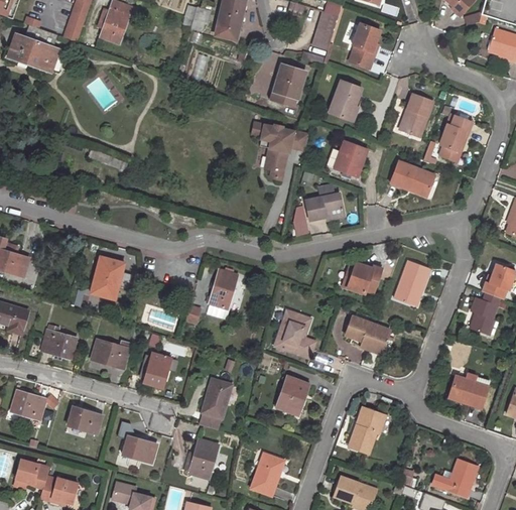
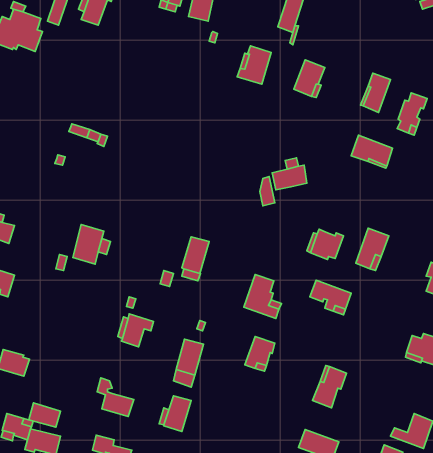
building: [350,22,380,68] -> none
building: [253,122,309,179] -> none
building: [335,140,367,176] -> none
building: [42,324,77,358] -> none
building: [92,339,130,368] -> none
building: [68,406,102,432] -> [29,403,61,427]
building: [251,453,281,495] -> none

